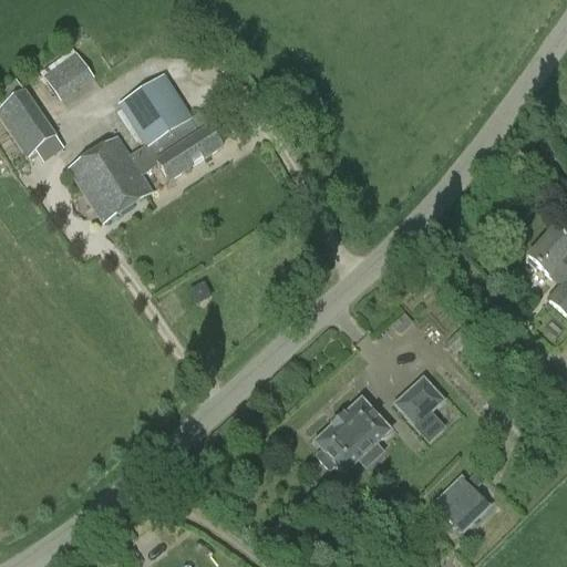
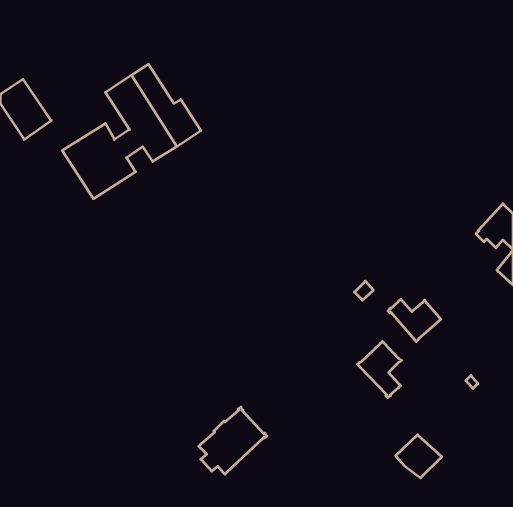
building: [43,52,91,96] -> none
building: none -> [388,299,441,342]
building: [315,396,390,471] -> [199,407,267,474]

